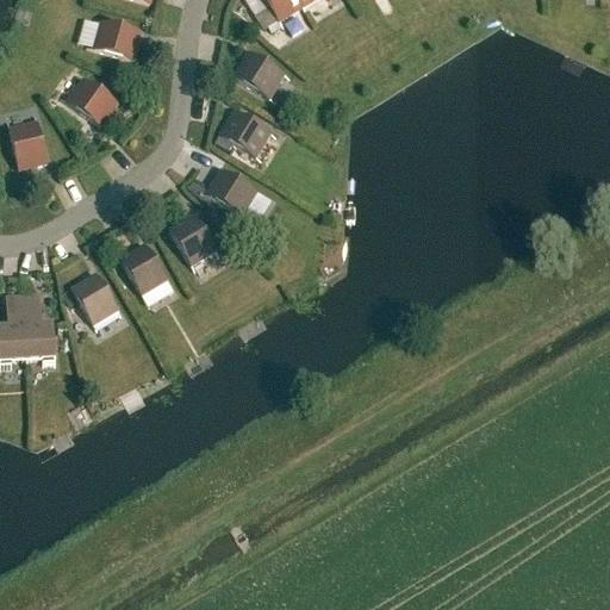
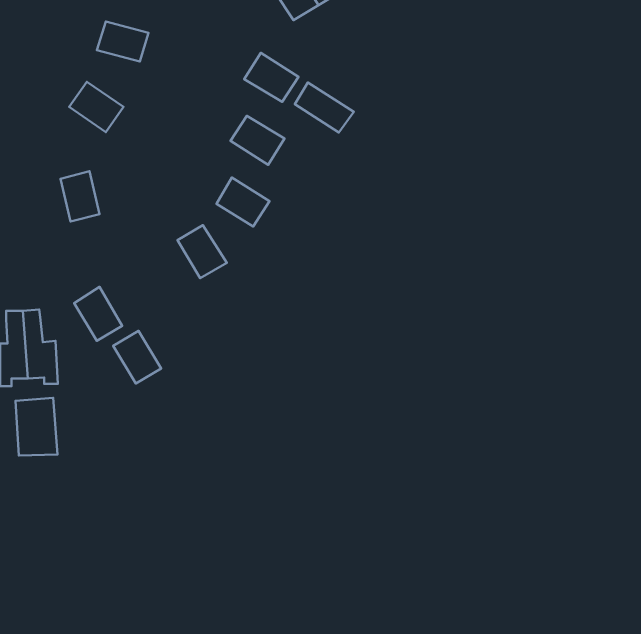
building: none -> [295,83,354,132]
building: [11,120,48,168] -> [61,171,100,222]
building: [122,243,167,293] -> [113,331,161,384]
building: none -> [15,398,57,456]

